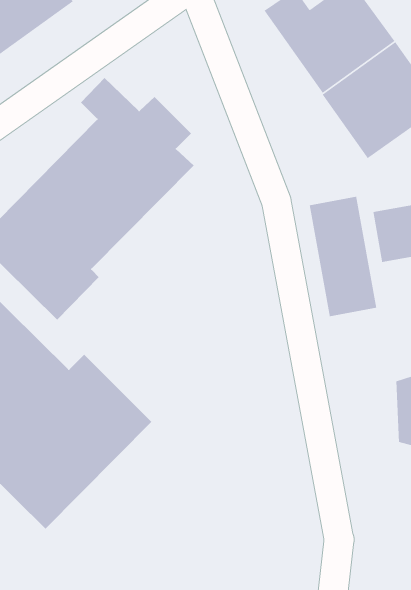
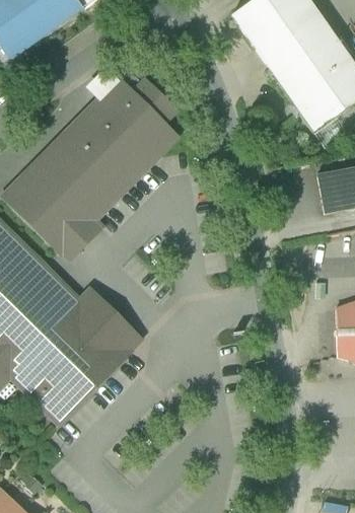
building: [309,196,377,317] -> none

